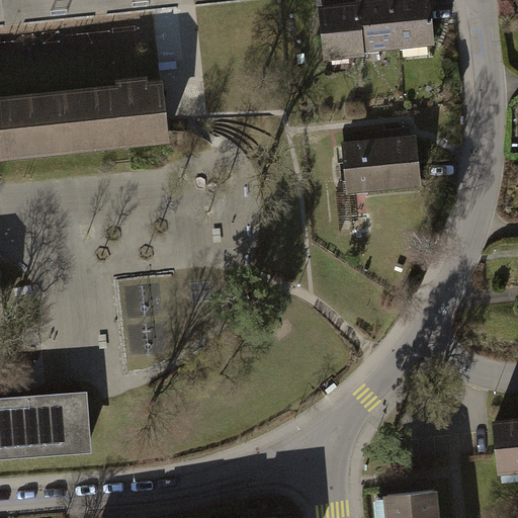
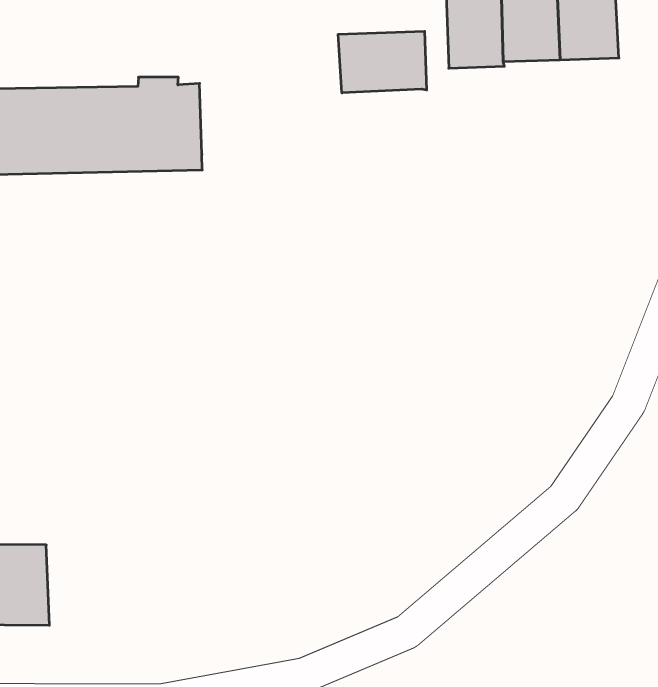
building: none -> [338,31,427,93]
building: [340,136,420,195] -> none

